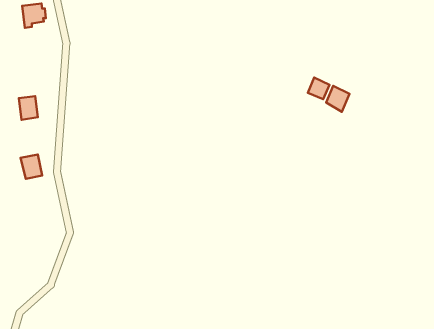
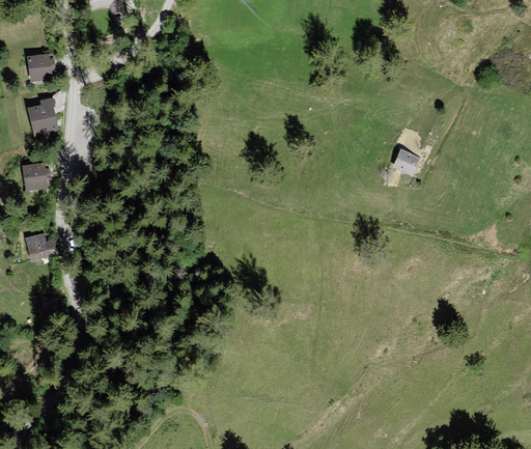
building: none -> [29,96,60,136]
building: [308,77,329,99] -> none

